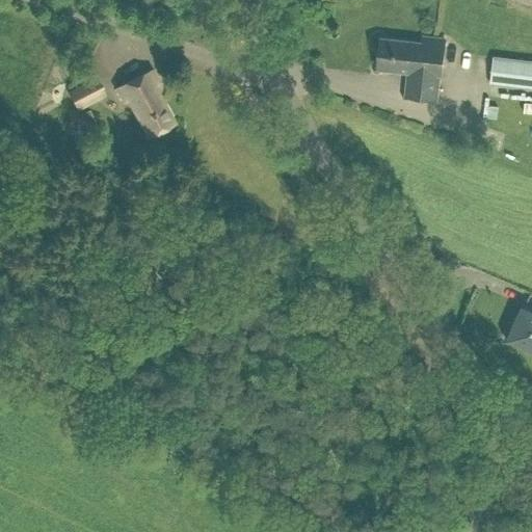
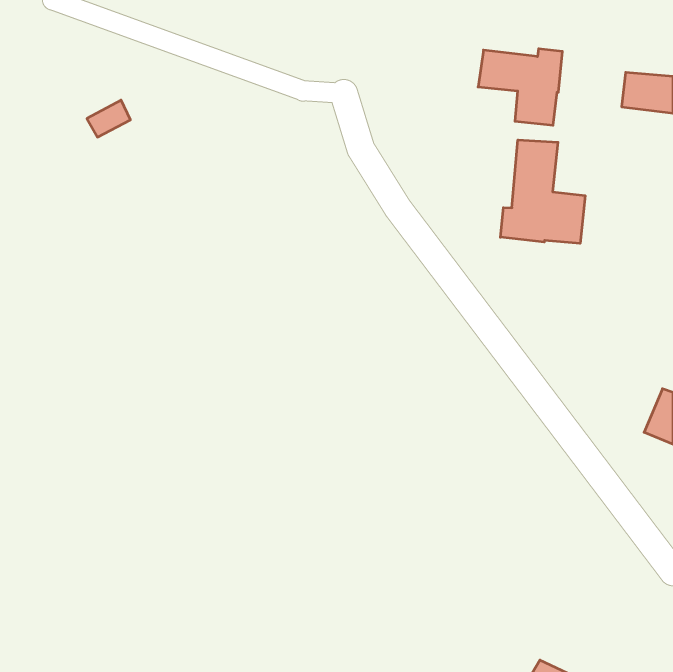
building: [117,73,172,138] -> none
building: none -> [500,140,585,243]

